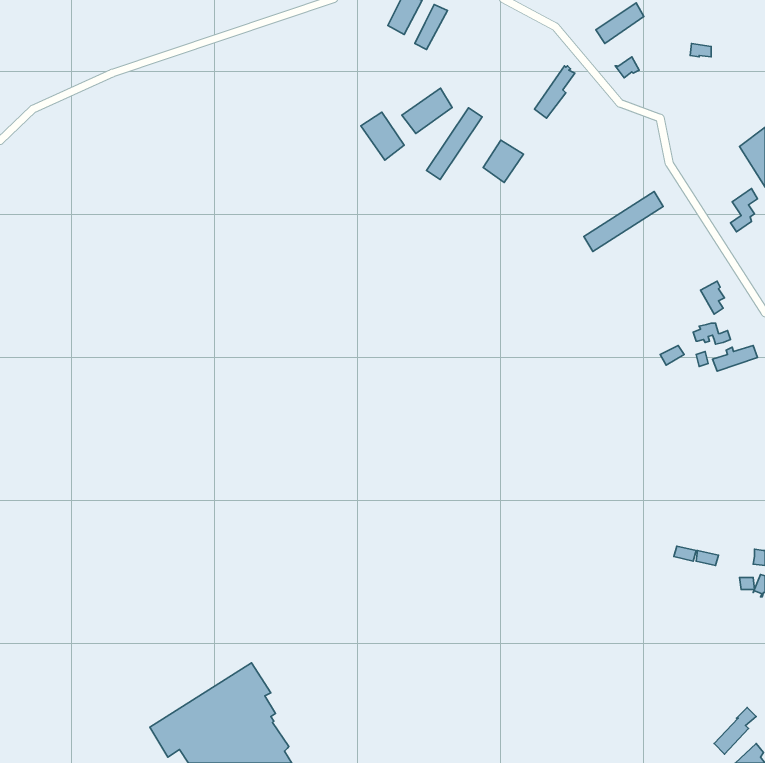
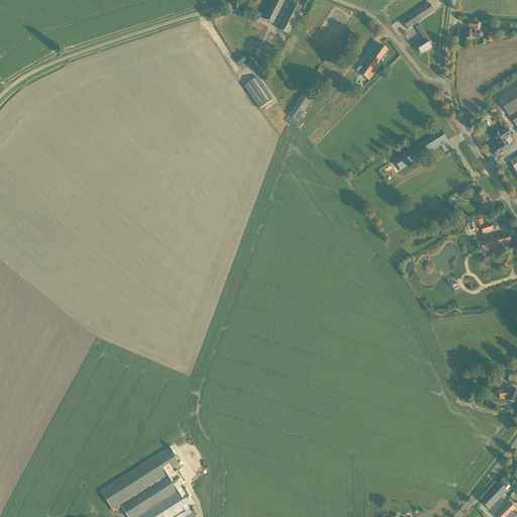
building: [402,88,452,133] -> none
building: [483,140,523,183] -> none

